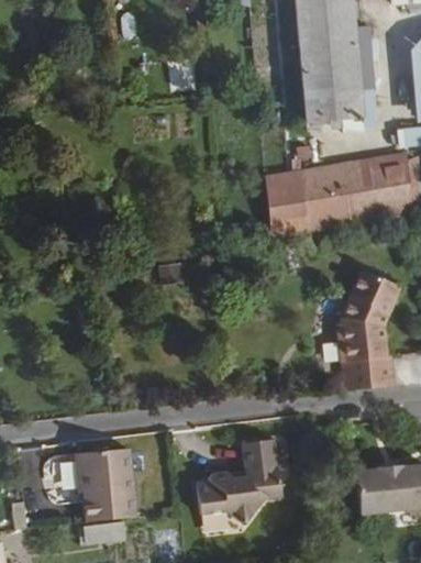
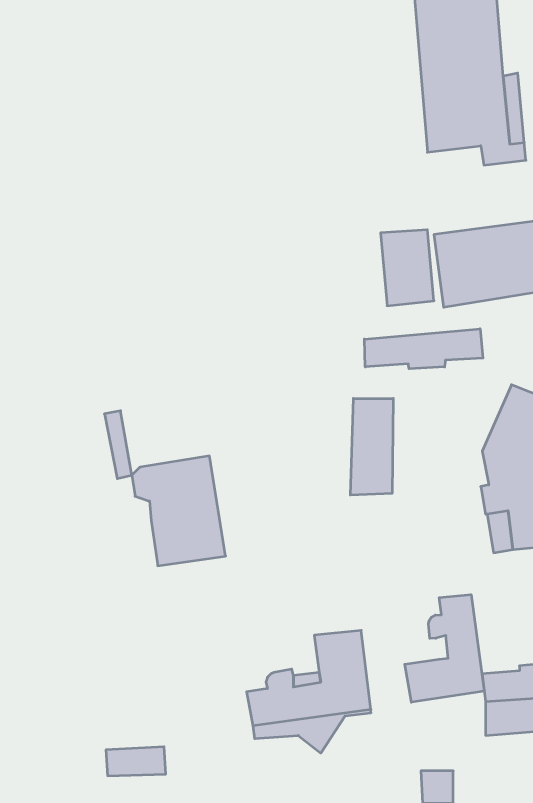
building: none -> [364,329,483,369]
building: none -> [350,398,393,495]
building: none -> [405,595,484,702]
building: [65,449,129,523] -> [132,456,226,566]

